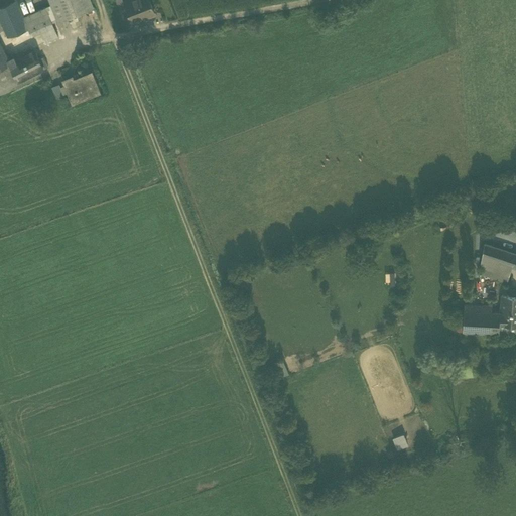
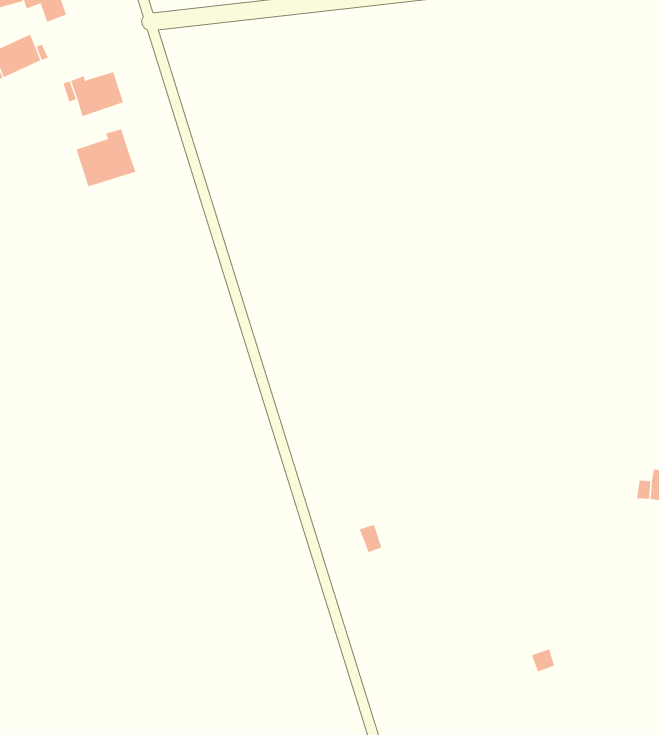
building: none -> [76,128,136,187]

